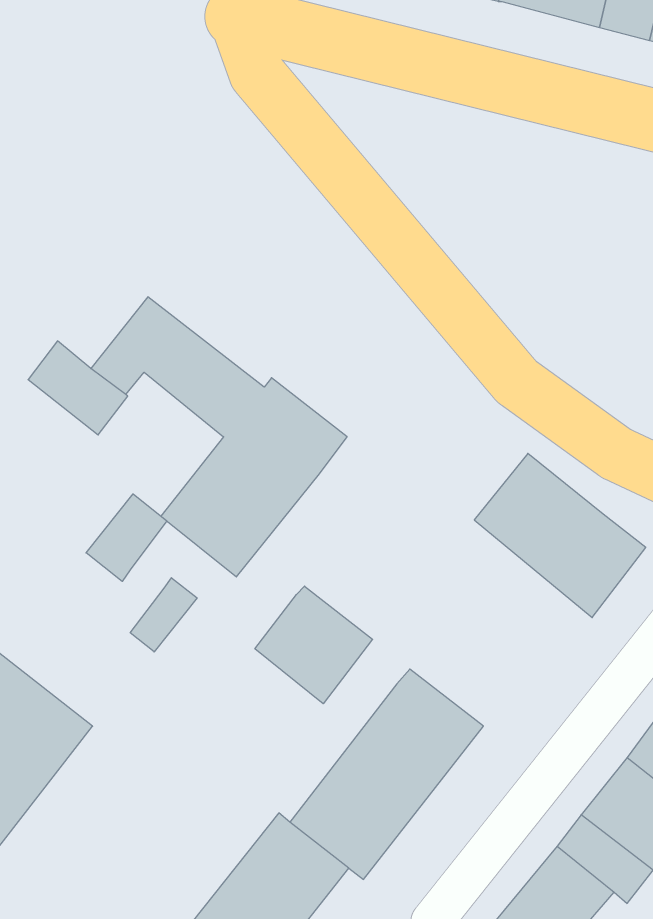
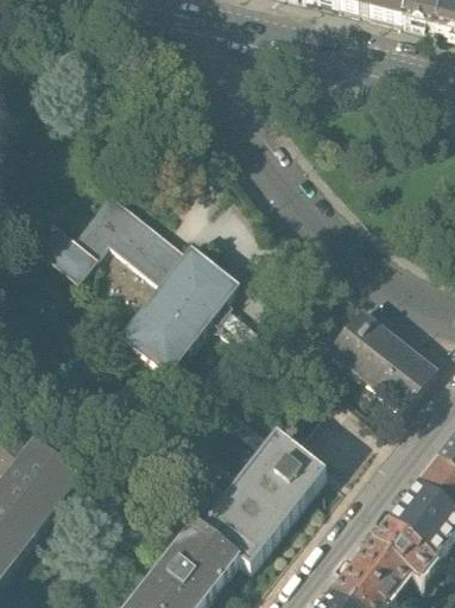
building: [86,494,167,581] -> none
building: [130,578,197,652] -> none
building: [255,586,373,704] -> none

